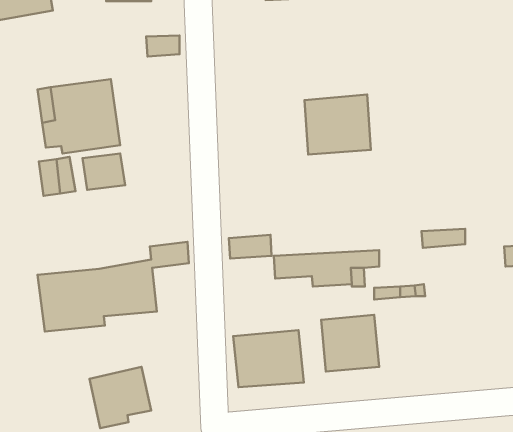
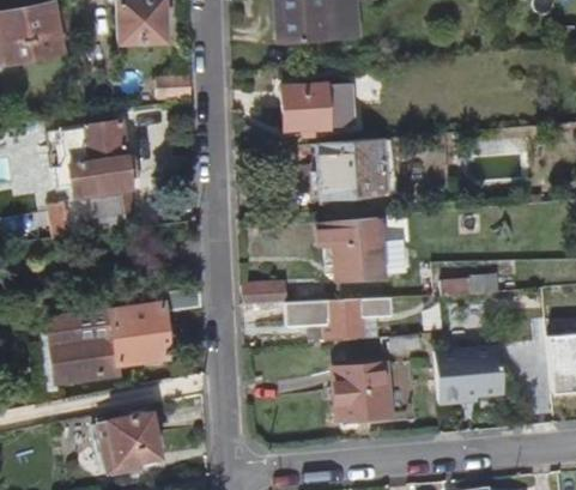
building: none -> [280,80,347,129]
building: none -> [320,218,410,273]
building: none -> [432,344,508,404]
building: [233,330,304,387] -> none

